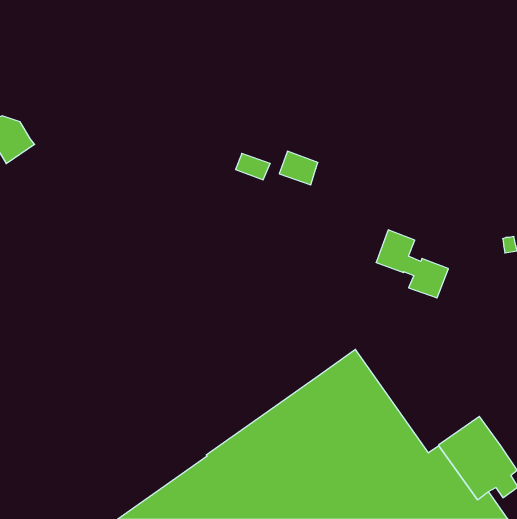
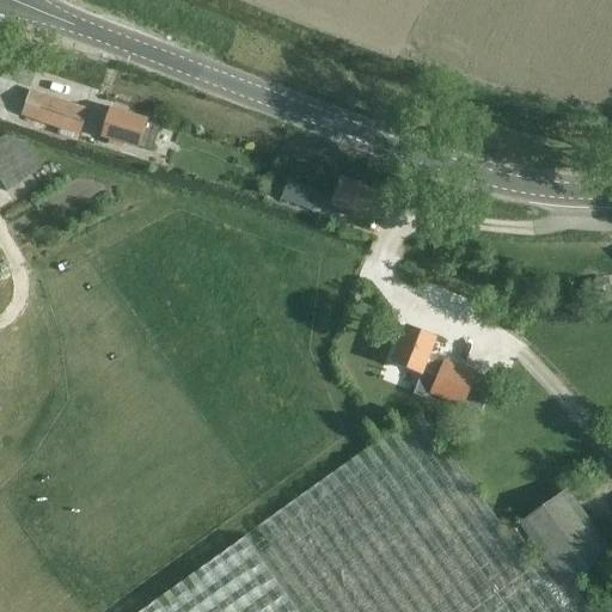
building: none -> [22,93,86,134]
building: none -> [99,108,158,151]
building: [376,230,448,298] -> [388,326,473,406]

